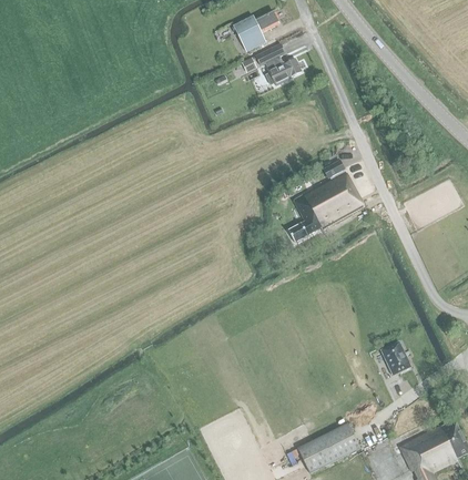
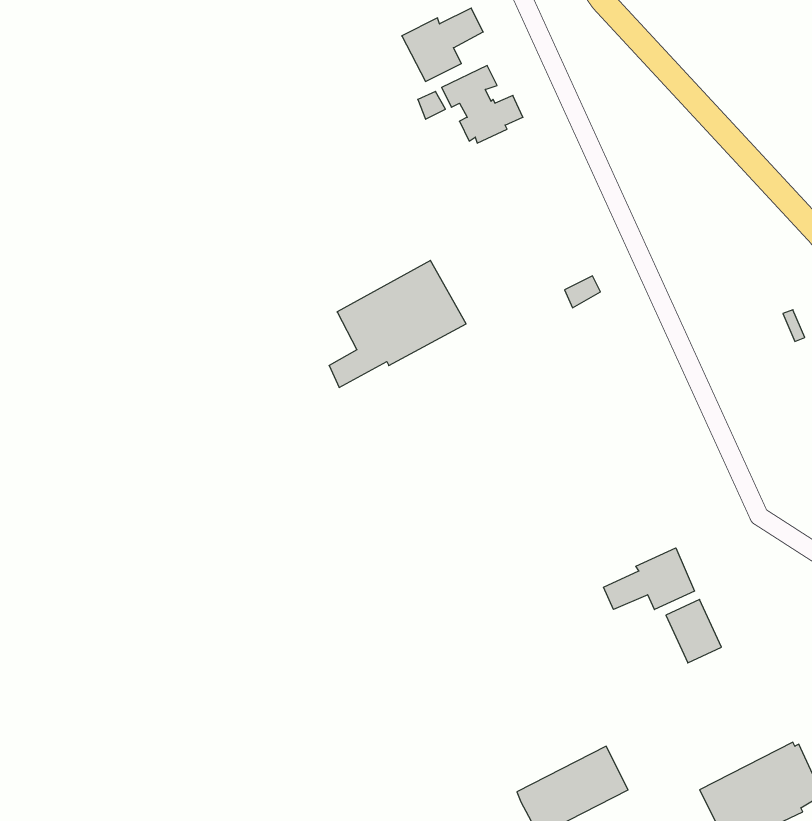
building: [288,171,365,242] -> [329,260,466,387]
building: none -> [603,548,695,610]

